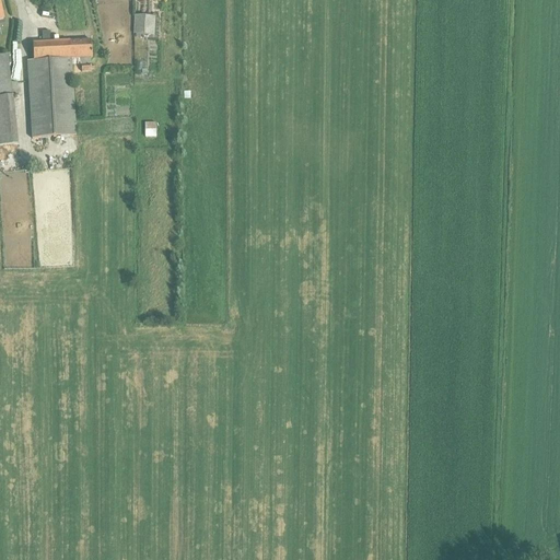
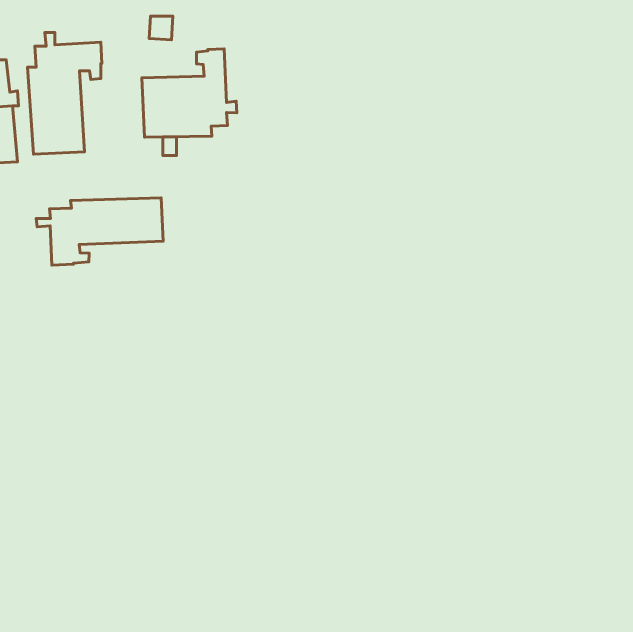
building: none -> [142,49,237,137]
building: none -> [36,198,163,265]

